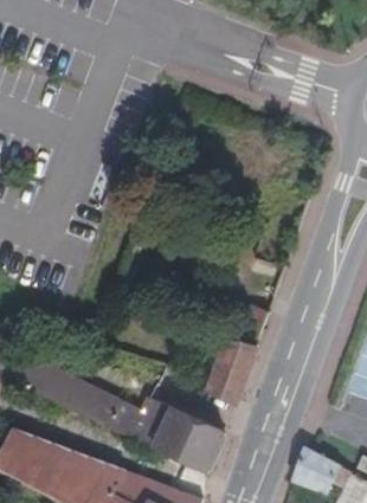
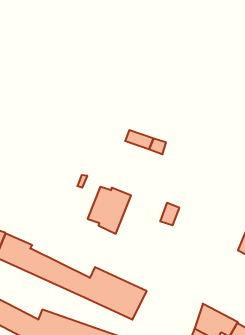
building: [199,334,260,400] -> [88,187,131,234]

